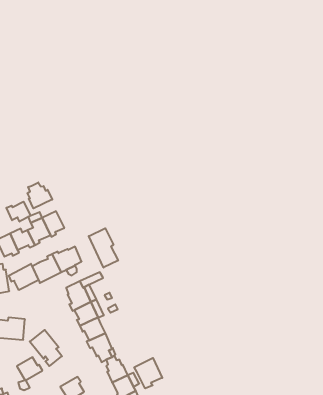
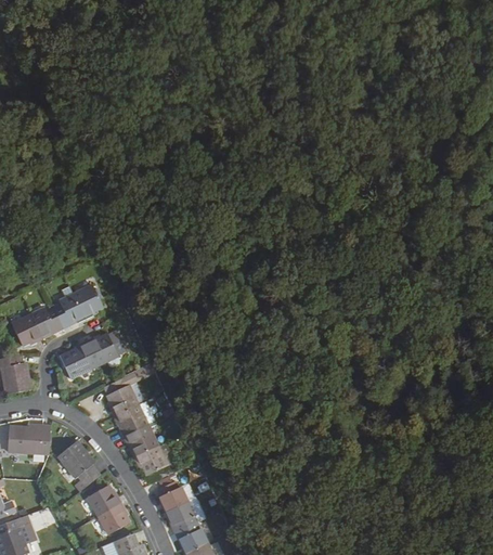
building: [27,182,52,208] -> none
building: [6,202,30,222] -> none
building: [89,228,118,268] -> none
building: [9,264,38,290] -> none
building: [17,357,42,380] -> [86,486,119,516]
building: [134,358,162,388] -> none

